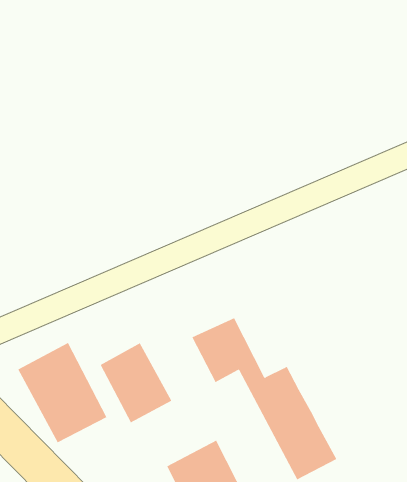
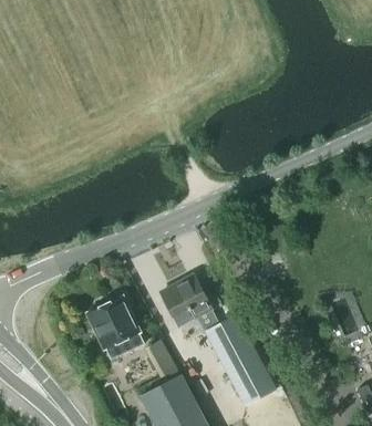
building: [17,342,107,443] -> none
building: none -> [144,341,178,377]

